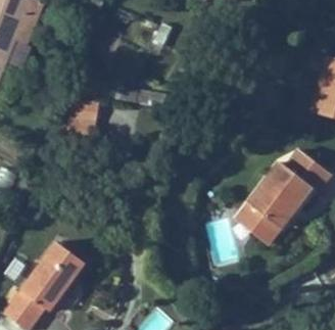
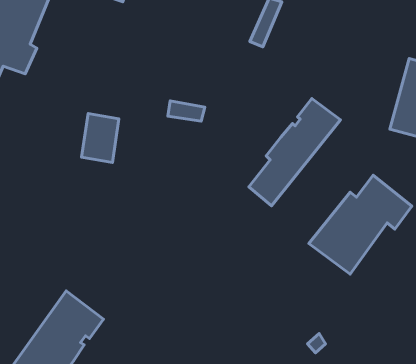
building: none -> [249,98,340,206]
building: [236,203,281,244] -> none

